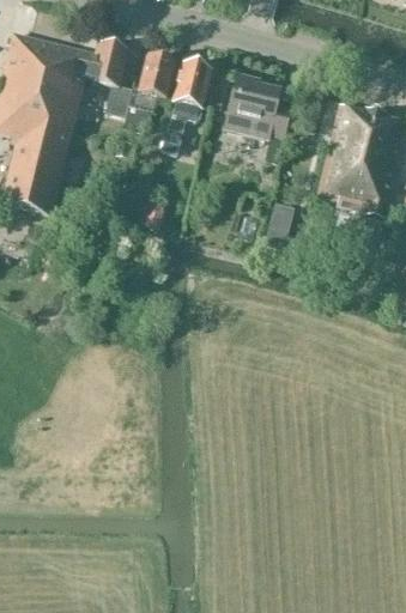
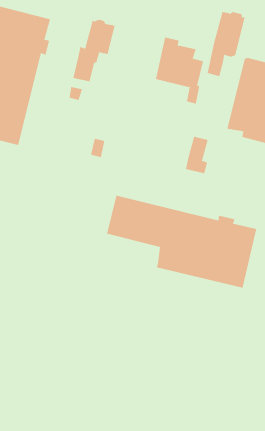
building: [85,40,129,115] -> none
building: [162,60,211,144] -> [207,11,245,77]
building: none -> [107,195,257,288]

